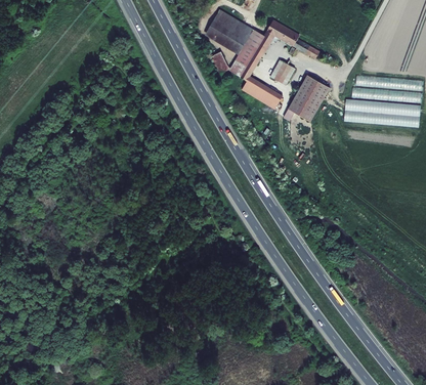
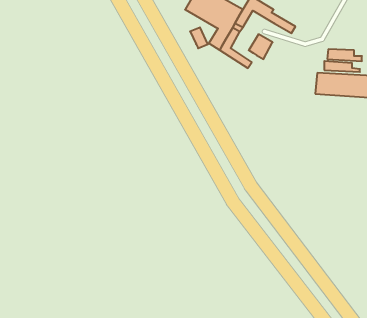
building: [287,75,329,122] -> none

